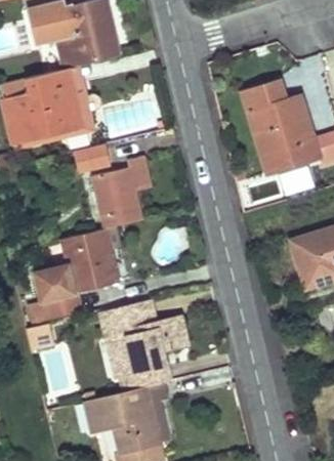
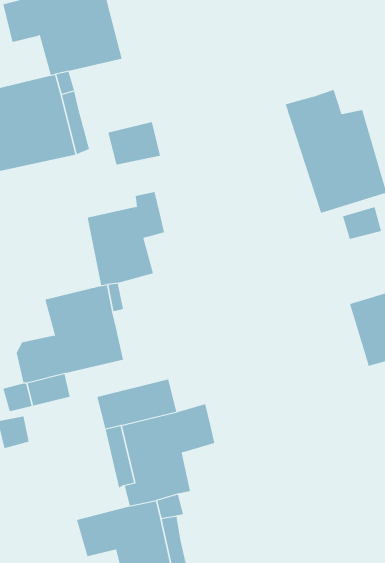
building: [73,143,113,176] -> [107,121,161,165]

